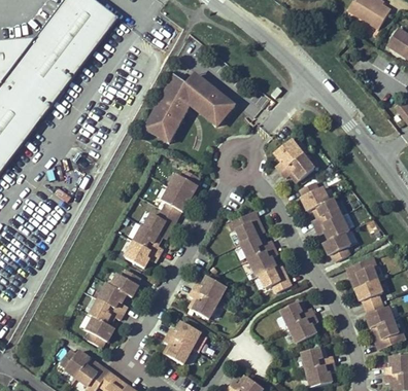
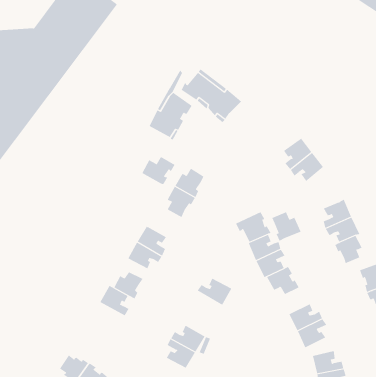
building: [300,184,329,213] -> [272,212,301,241]
building: [144,211,177,239] -> [141,156,176,185]
building: [188,289,216,319] -> none
building: [86,300,123,348] -> none

